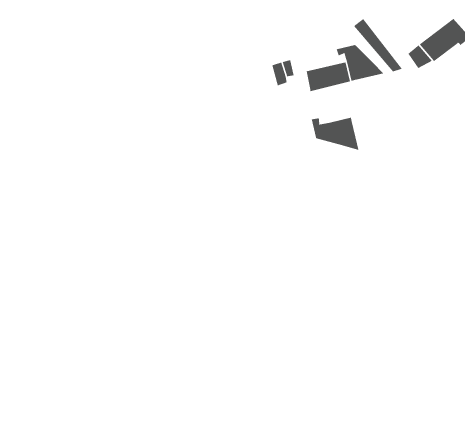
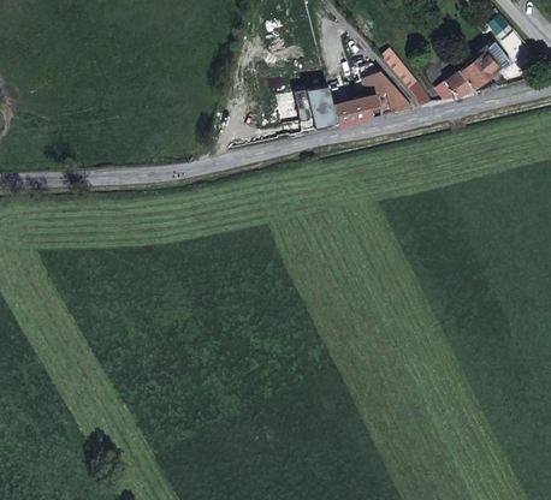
building: [311,117,359,151] -> none

